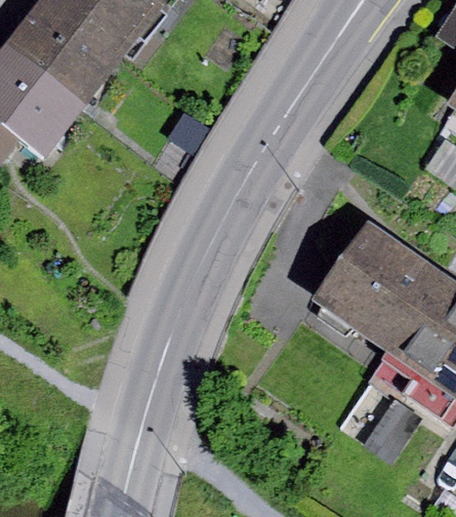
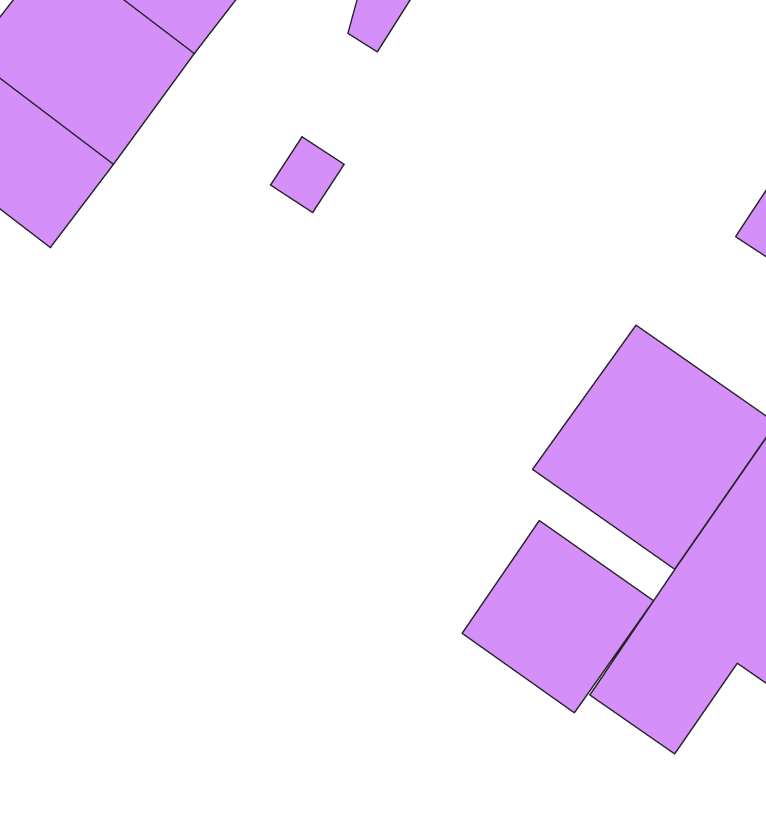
building: none -> [462,521,653,713]

